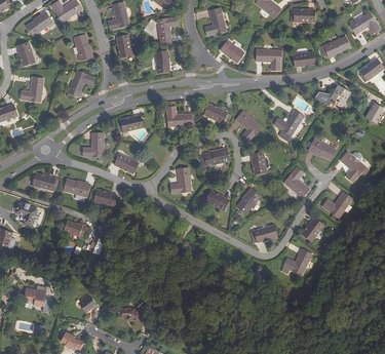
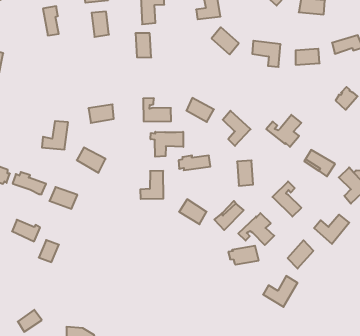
building: [66,70,94,99] -> none
building: none -> [151,132,183,157]
building: none -> [238,213,274,245]

